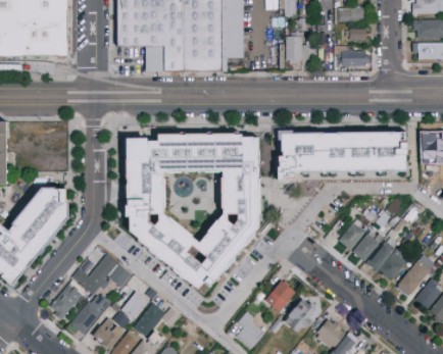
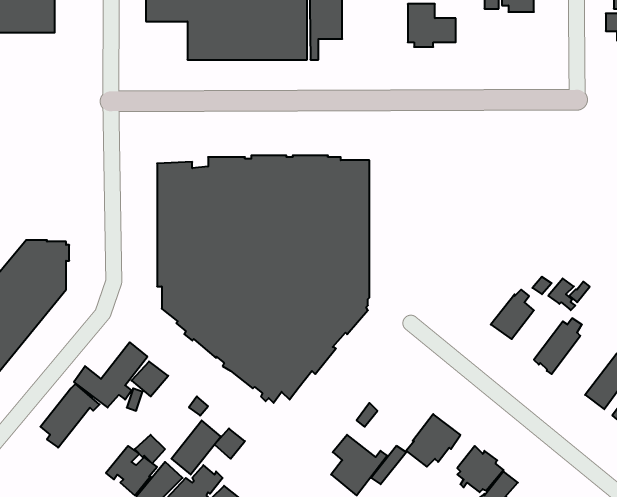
building: [334,46,370,66] -> none
building: [276,130,407,181] -> none
building: [352,233,385,261] -> none
building: [379,248,409,280] -> none
building: [264,281,295,314] -> none
building: [120,291,148,319] -> none
building: [69,294,110,334] -> none

